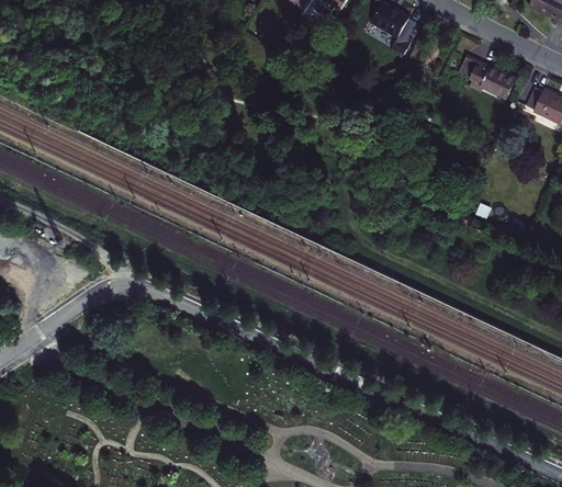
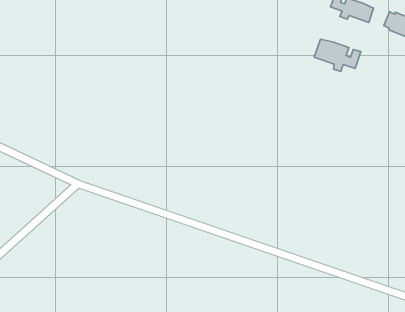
building: none -> [314,39,361,72]

